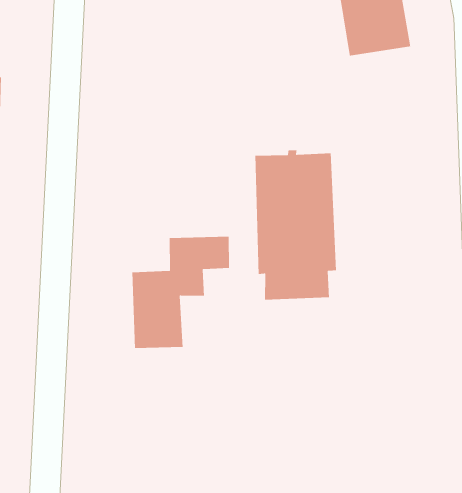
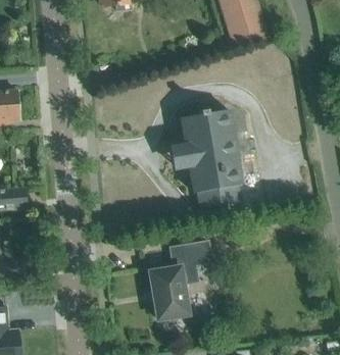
building: [131,236,230,349] -> [148,240,209,318]

